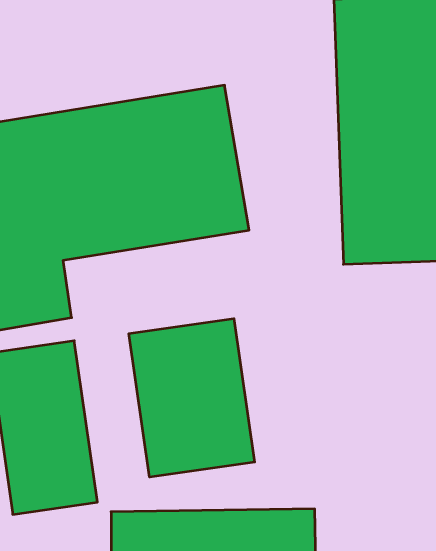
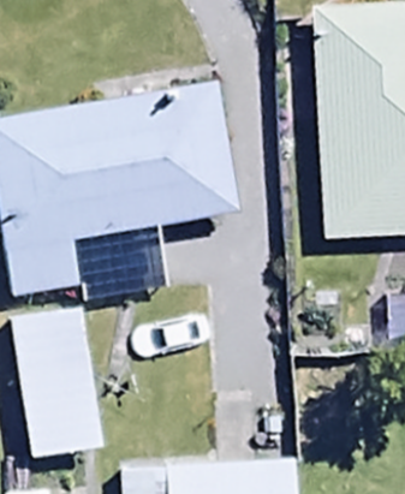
building: [129,319,255,477] -> none

